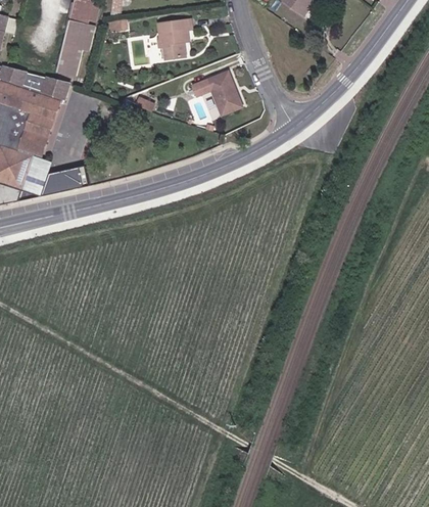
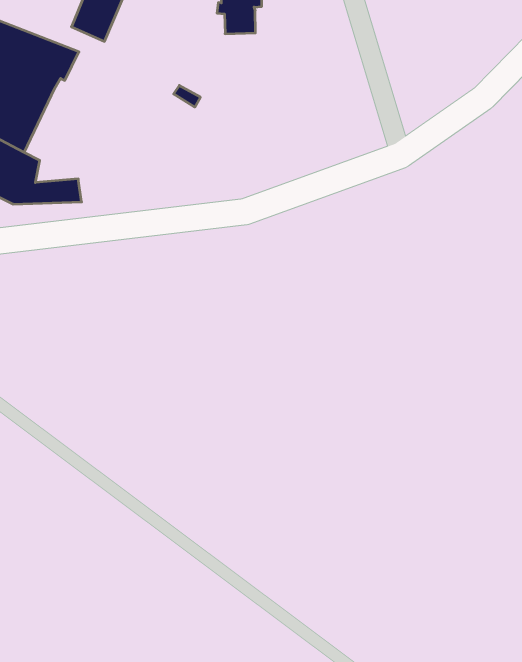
building: [191,72,240,114] -> none

